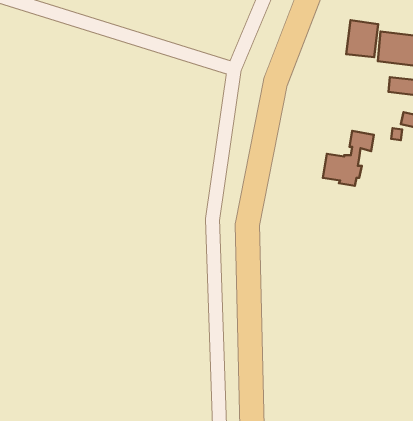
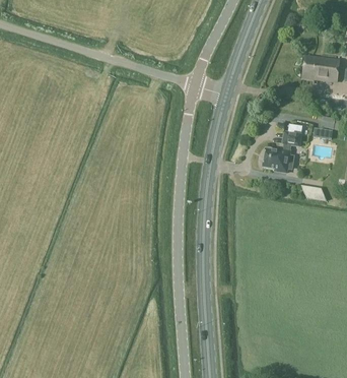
building: [346,20,378,57] -> none

